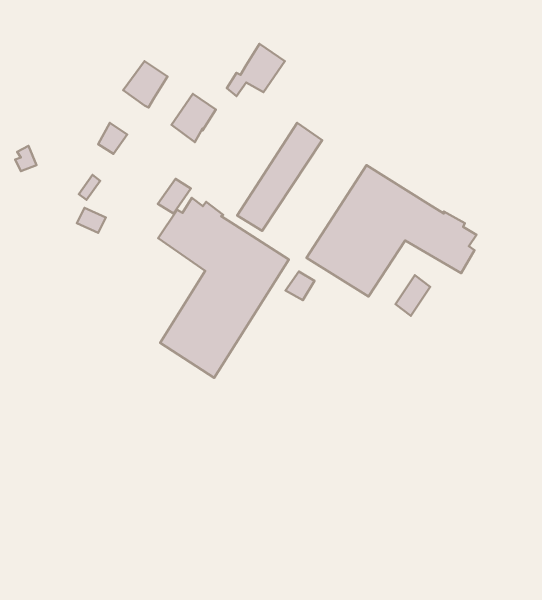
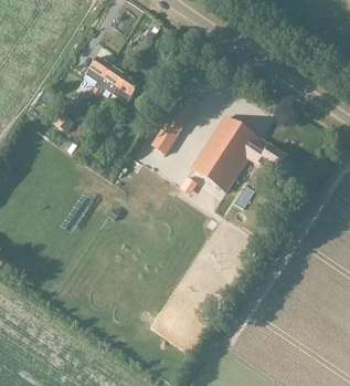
building: [227,44,285,96] -> [92,64,125,94]
building: [158,198,289,378] -> none

